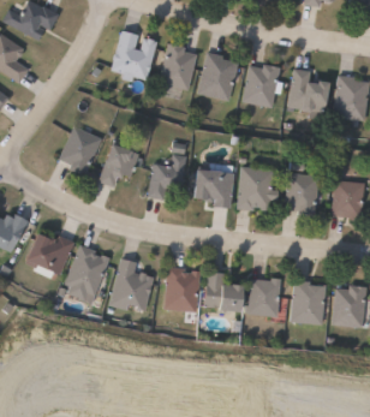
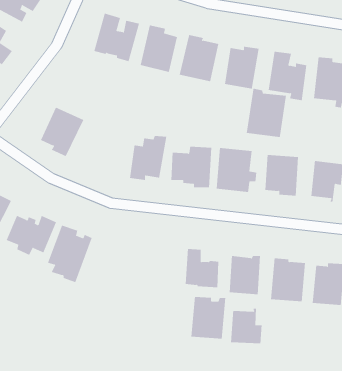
building: none -> [246,88,286,138]
building: [97,141,137,187] -> none
building: [109,258,153,311] -> none
building: [163,268,199,311] -> [191,296,226,339]
building: none -> [230,308,262,344]

